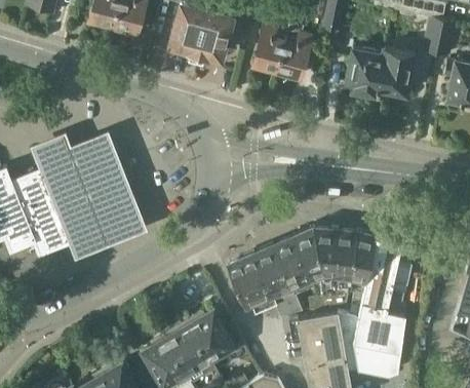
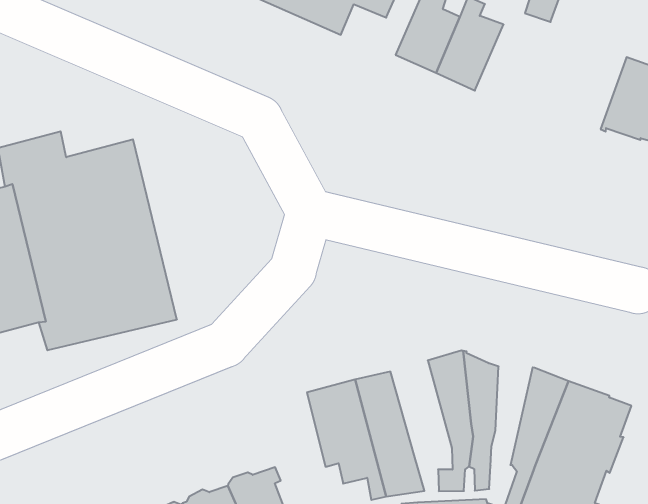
building: [346,48,385,96] -> none
building: [336,233,355,306] -> none
building: [274,237,315,294] -> none

